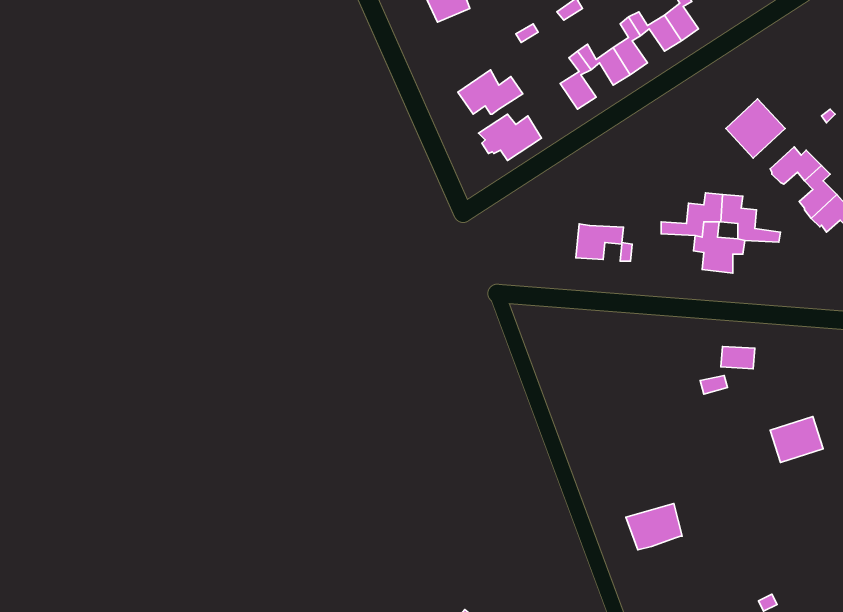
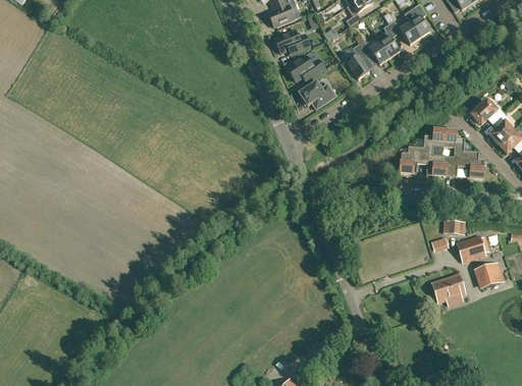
building: none -> [274,30,310,55]
building: [726,99,785,158] -> none
building: [576,224,632,261] -> [400,152,433,174]
building: none -> [451,157,484,178]
building: none -> [457,234,486,262]
building: [626,504,682,550] -> [431,274,465,301]

